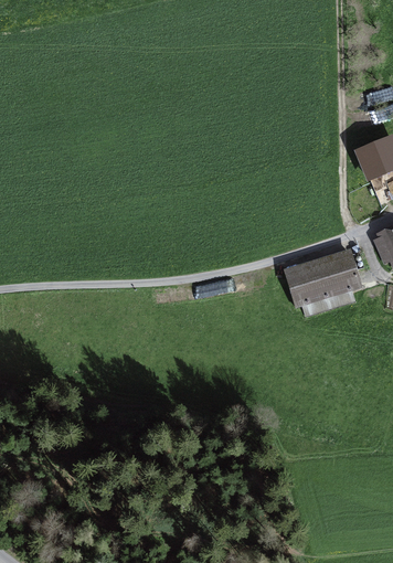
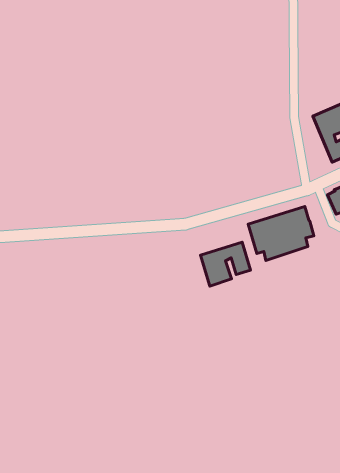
building: none -> [200,242,250,286]

